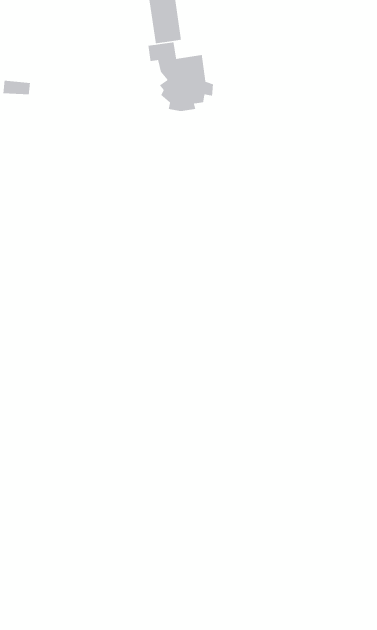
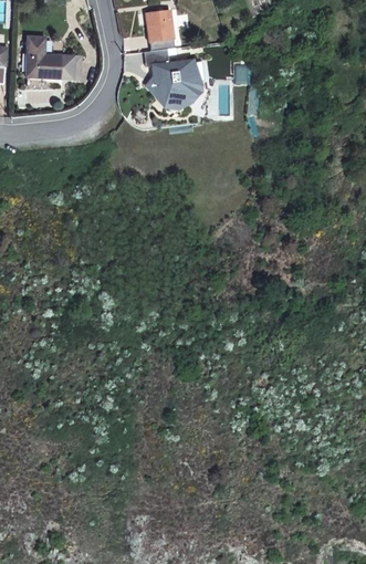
building: none -> [23,32,73,75]

